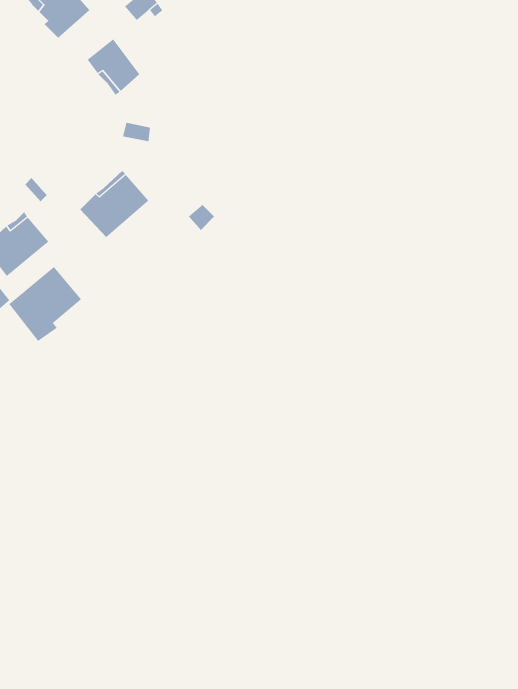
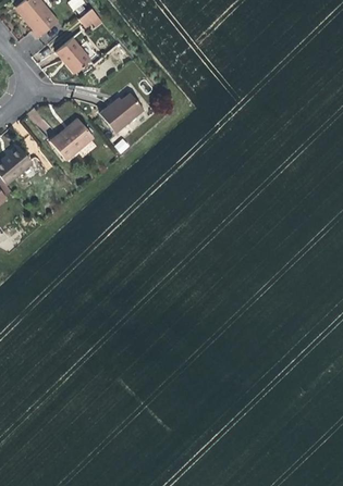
building: none -> [100,96,145,135]
building: [8,266,82,342] -> none

